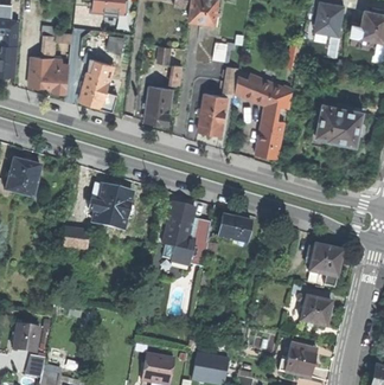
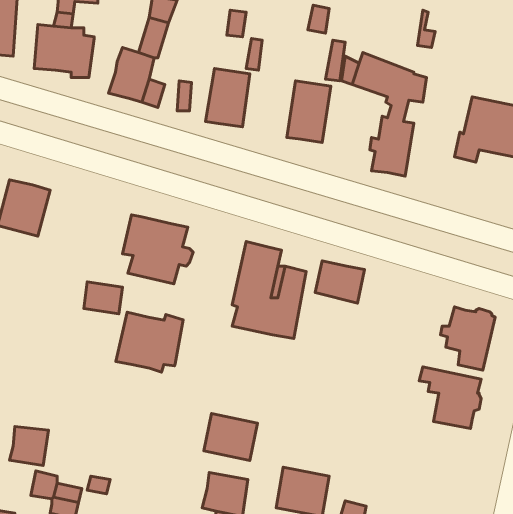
building: none -> [116,312,183,372]
building: none -> [204,413,257,461]
building: [275,344,313,378] -> none

